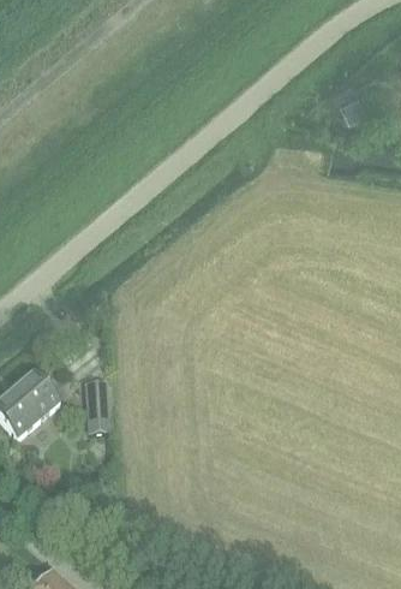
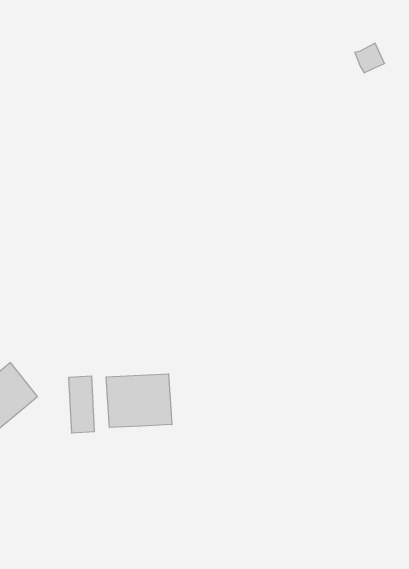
building: none -> [106,374,172,428]

